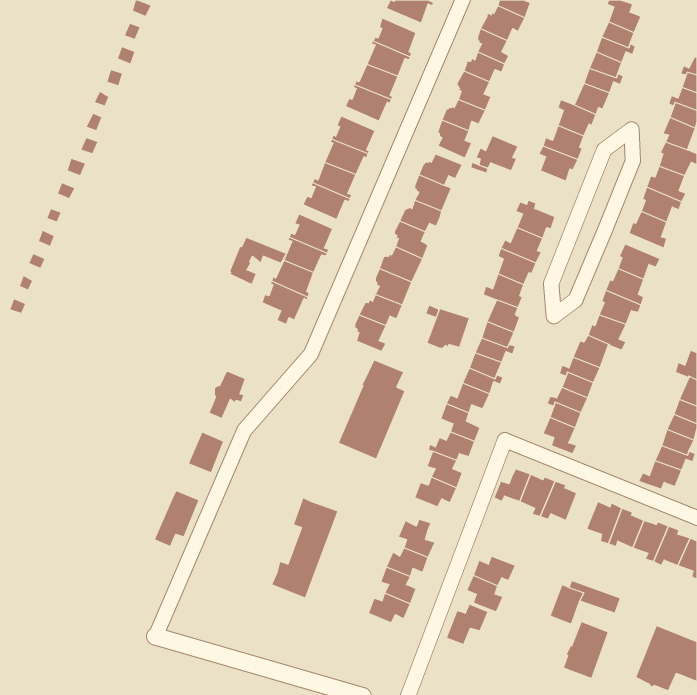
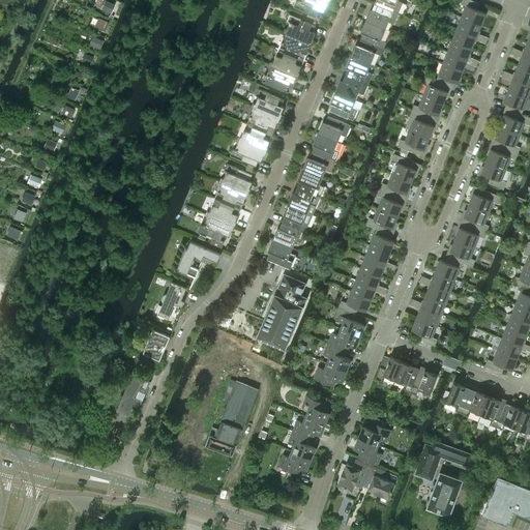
building: [476,136,518,171] -> [398,130,430,157]
building: [229,237,287,285] -> [178,242,222,278]
building: [427,309,470,349] -> none
building: none -> [364,466,398,498]

